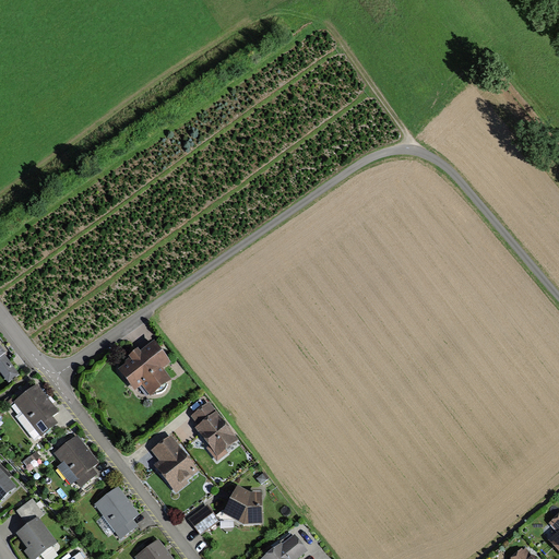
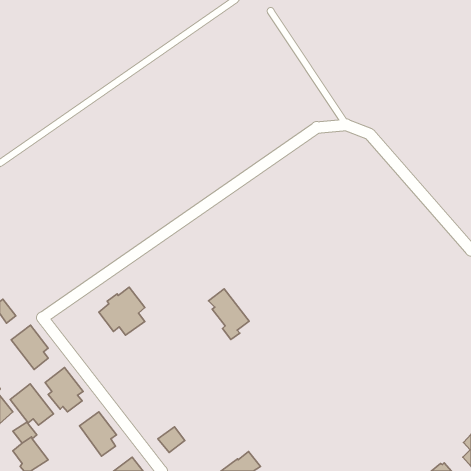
building: [190,402,238,462] -> [209,289,249,340]
building: [150,435,197,492] -> none
building: none -> [10,384,53,425]
building: [223,487,261,524] -> none

